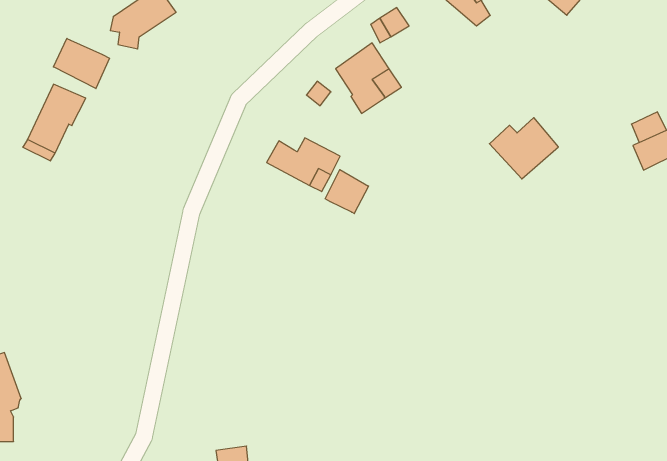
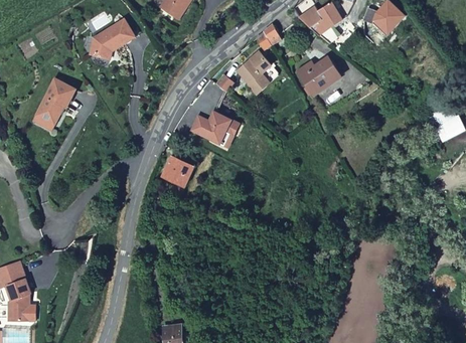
building: [53,38,109,89] -> none
building: [489,118,558,179] -> [300,61,345,102]
building: [325,170,369,214] -> none
building: none -> [163,157,192,188]

